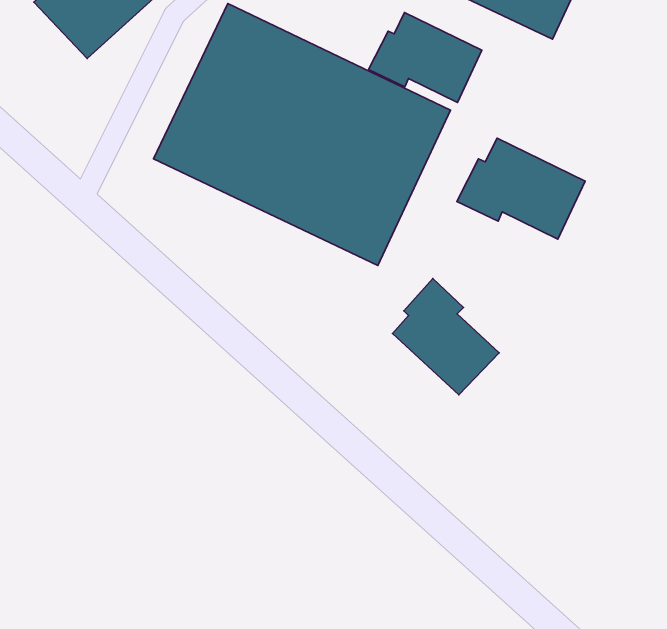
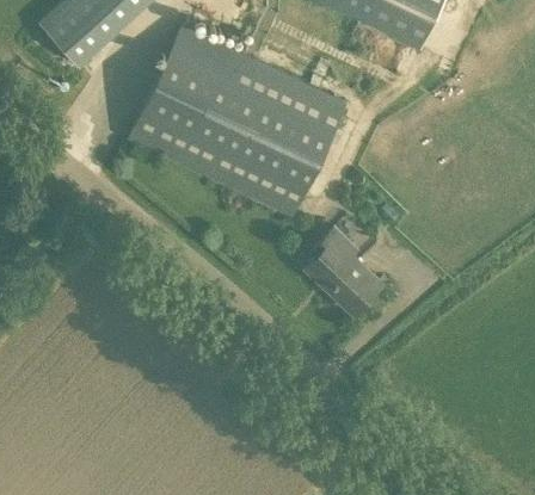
building: [369,12,482,103] -> none
building: [457,138,585,239] -> none

